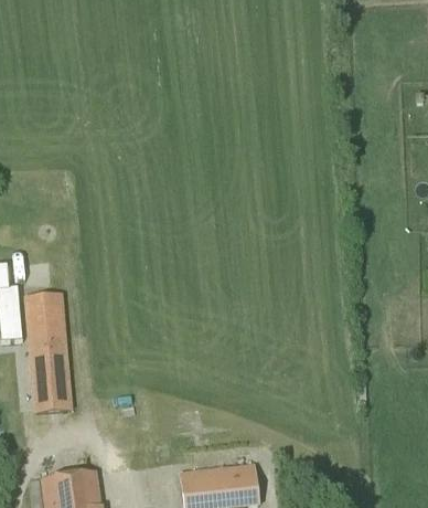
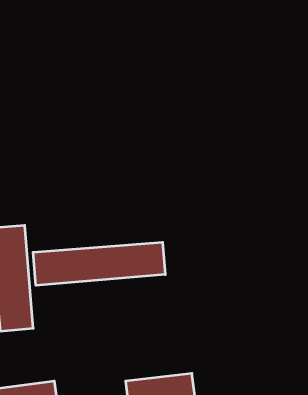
building: none -> [33,242,165,285]

